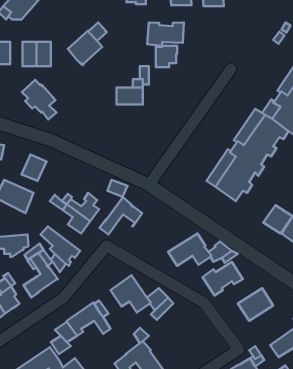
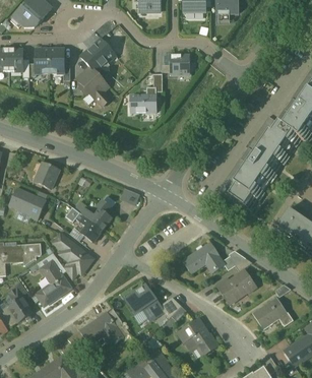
building: [147,23,184,46] -> none
building: [22,80,56,120] -> [76,67,111,107]
building: [99,197,142,235] -> none
building: none -> [178,319,219,356]

